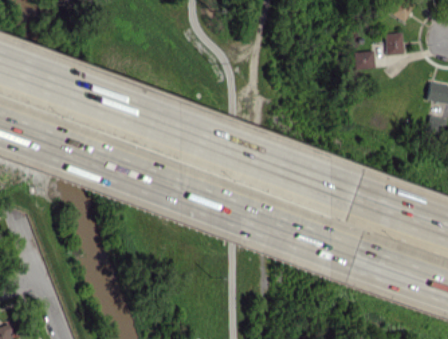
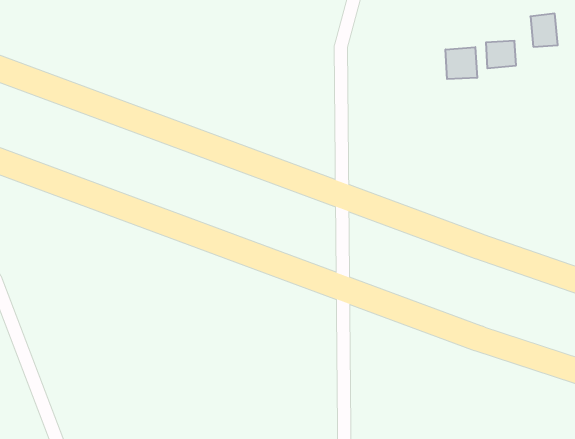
building: none -> [446,47,477,79]

